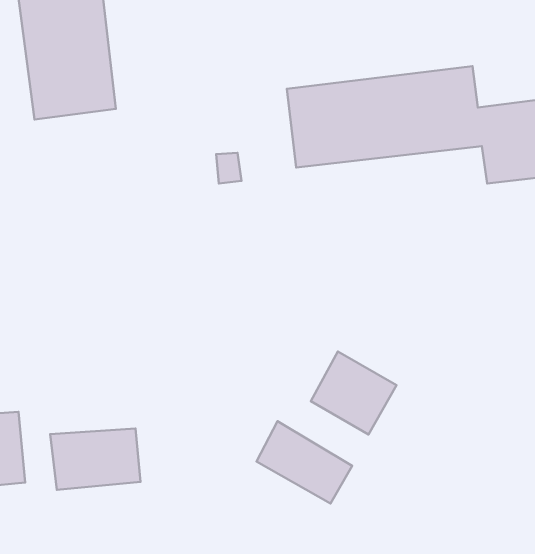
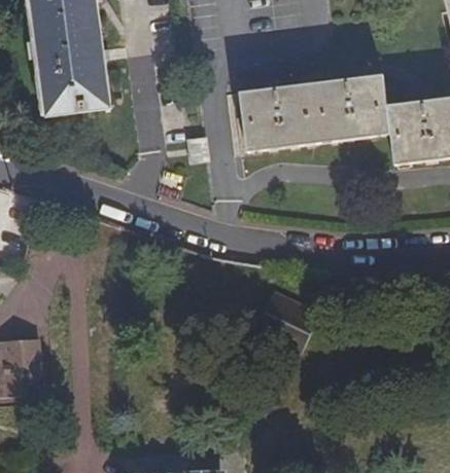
building: [257,421,352,504] -> none
building: [50,429,140,490] -> none

